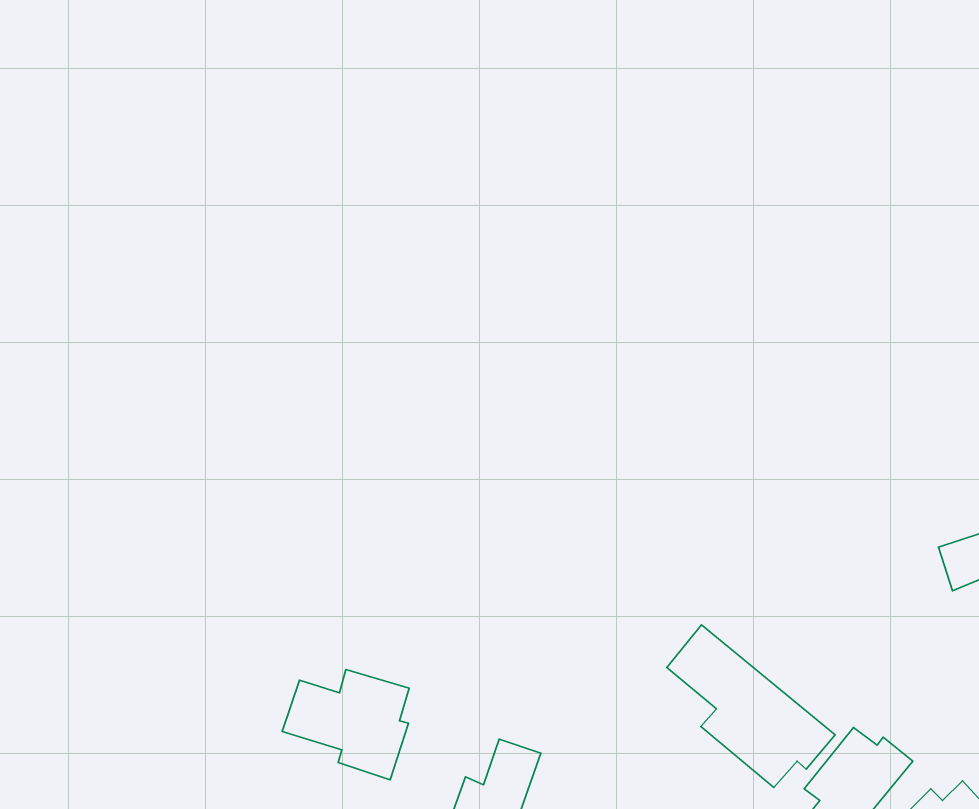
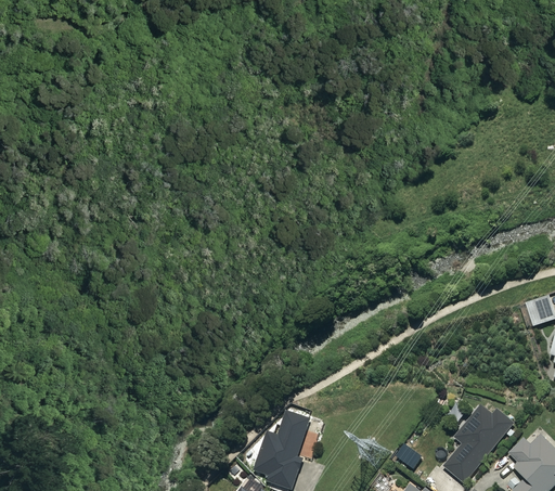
building: [667,625,835,787] -> none
building: [282,669,409,780] -> none

